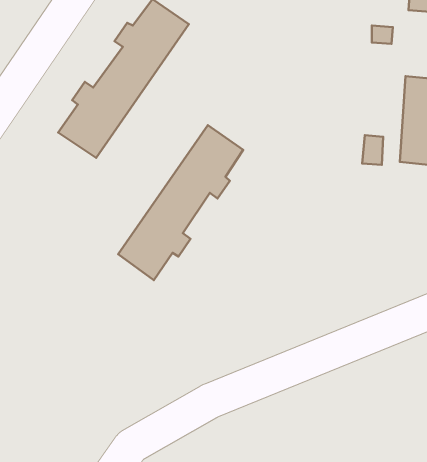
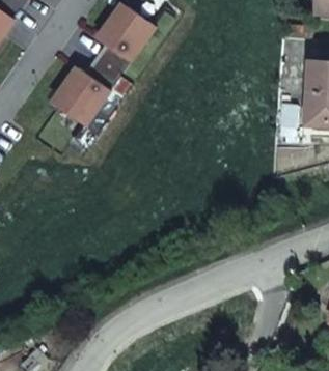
building: [118,125,243,280] -> none

